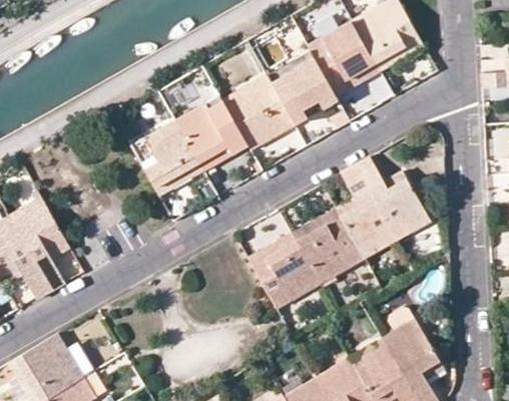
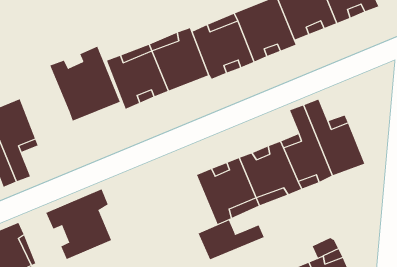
building: none -> [50,46,120,122]
building: none -> [46,189,112,260]
building: none -> [198,220,264,260]

